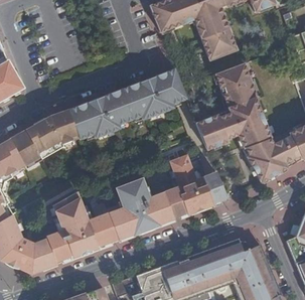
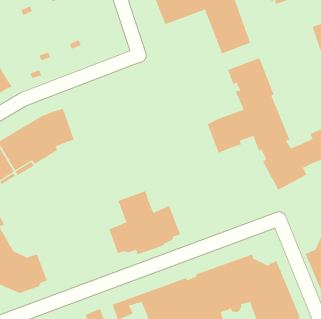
building: [69,67,186,138] -> none
building: [164,157,228,221] -> none
building: [45,191,118,261] -> none

